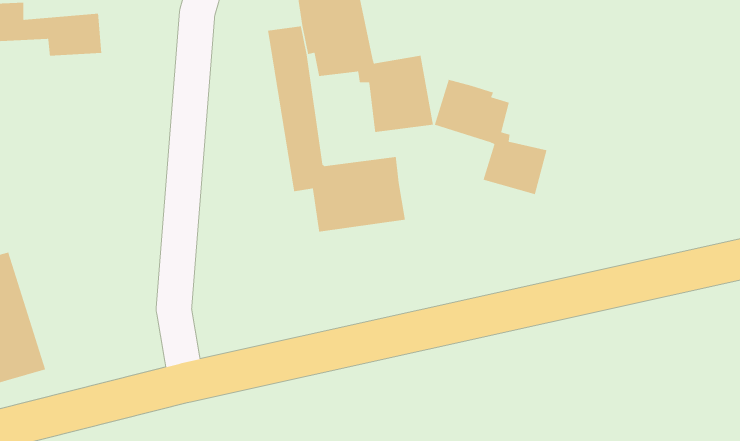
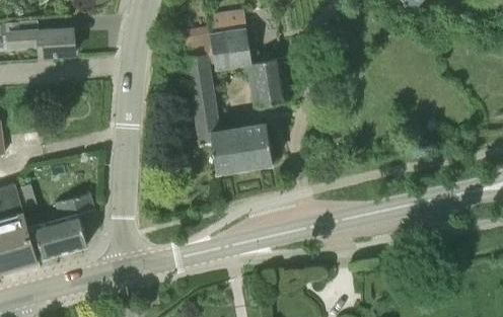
building: [434,79,548,195] -> none
building: none -> [34,193,95,257]

